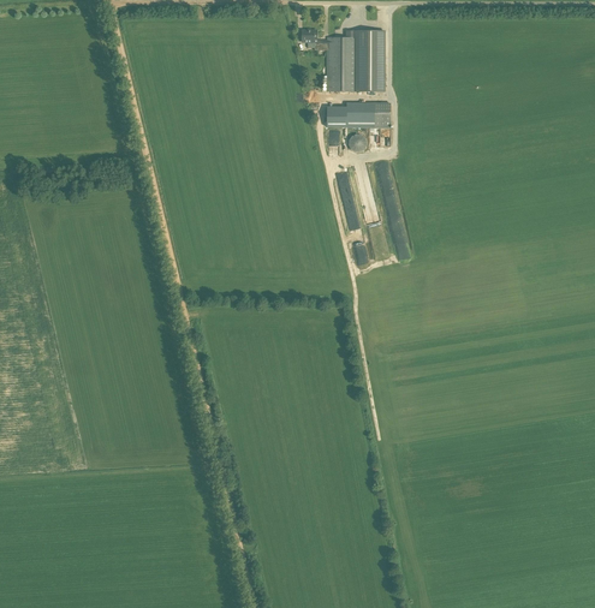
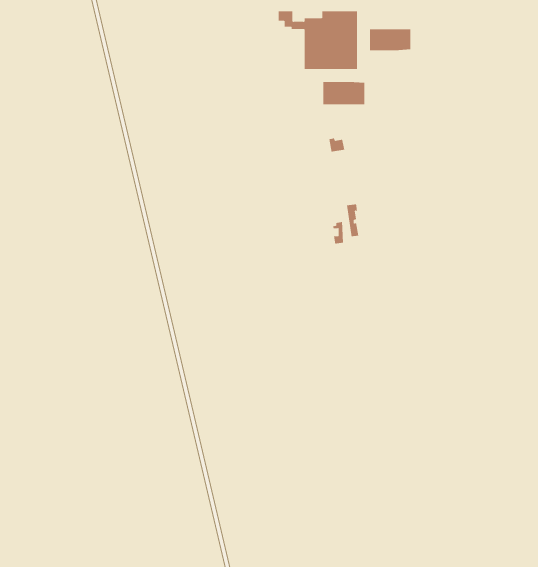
building: none -> [369,28,411,51]

